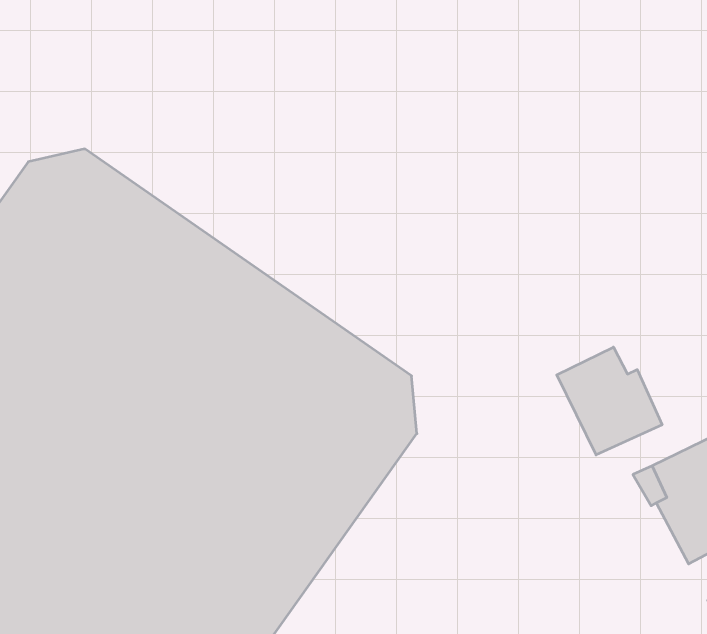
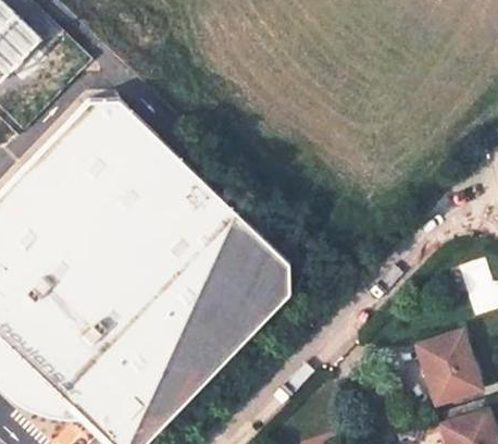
building: [557,347,662,455] -> none

